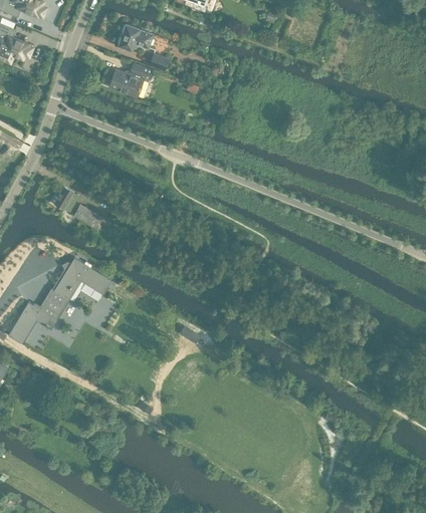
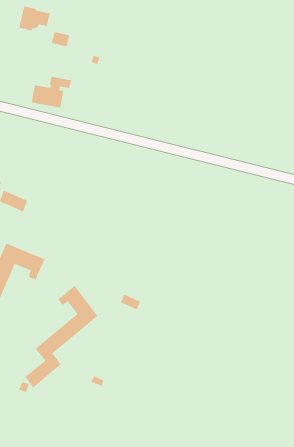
building: [108,63,152,96] -> [31,76,72,108]
building: none -> [24,285,98,389]

